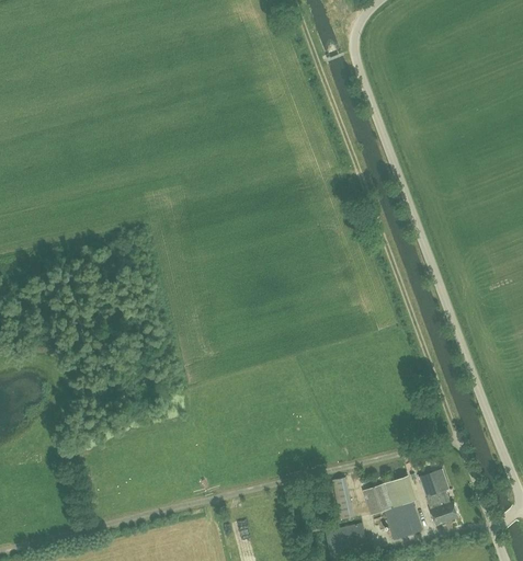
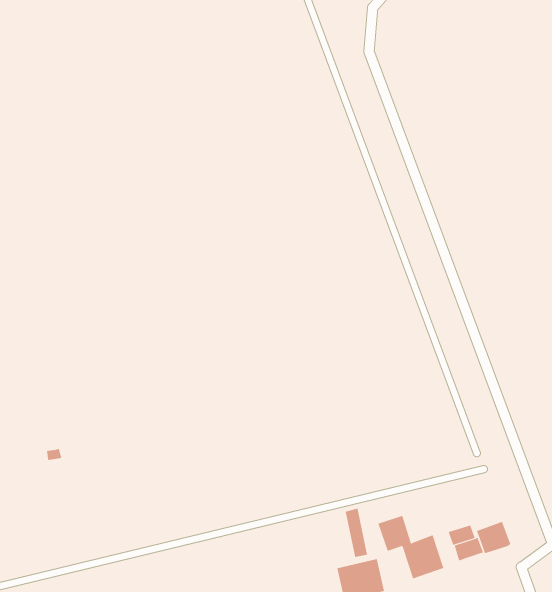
building: [418,468,450,497] -> [476,521,511,554]
building: [385,476,413,507] -> none

